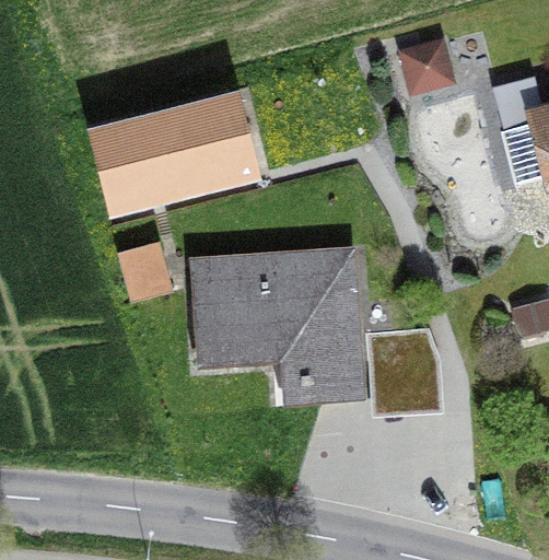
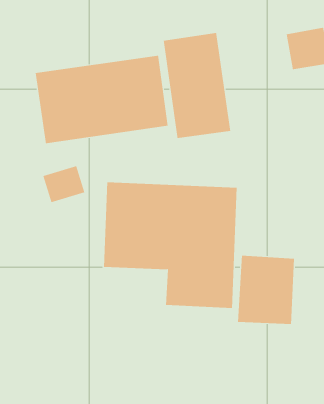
building: none -> [163,32,231,139]

